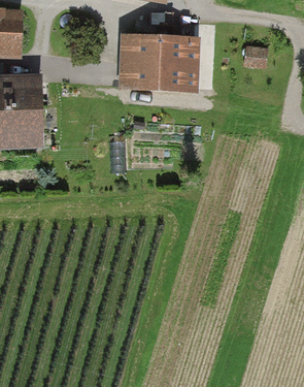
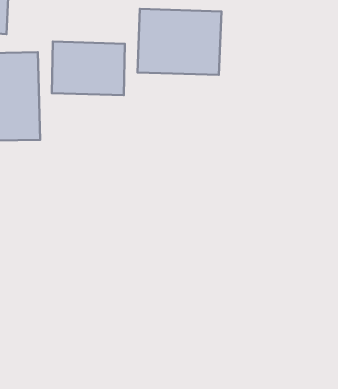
building: none -> [52,42,125,95]

